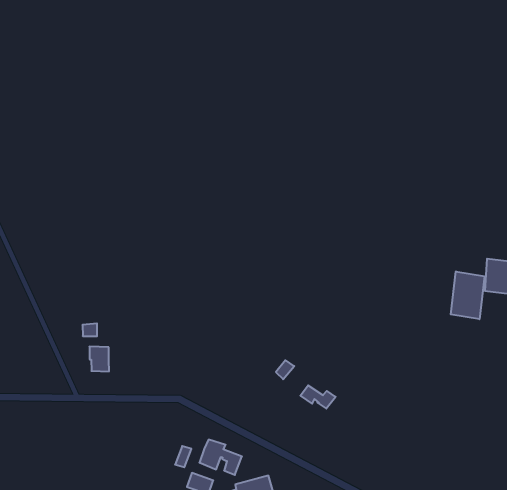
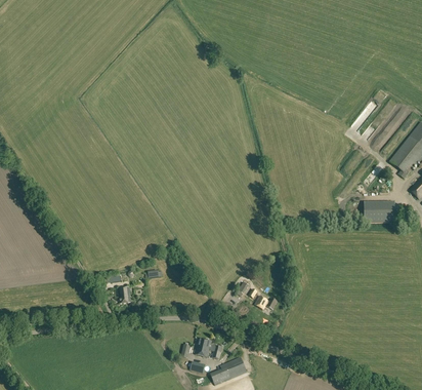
building: [451,271,484,319] -> none

